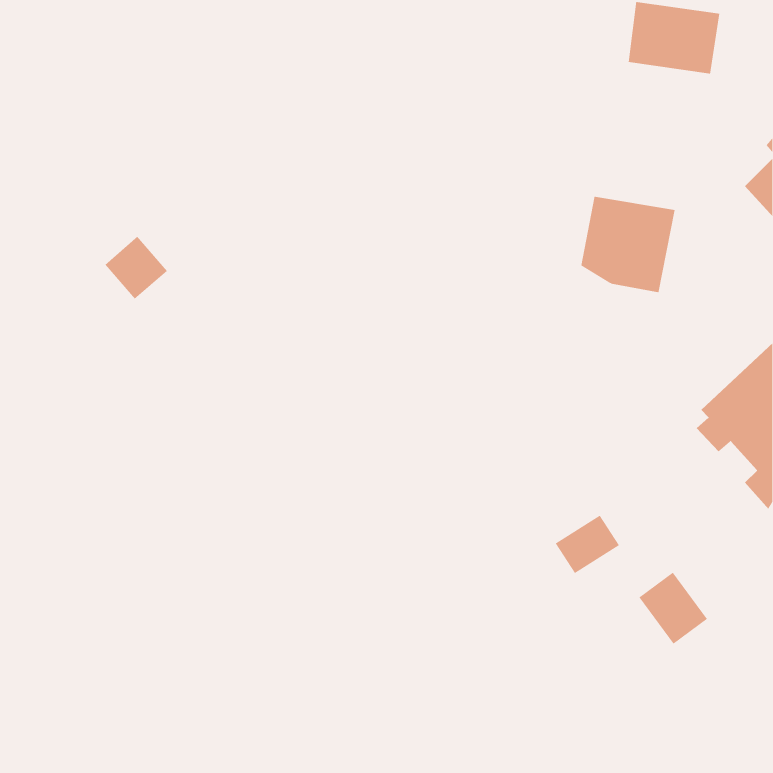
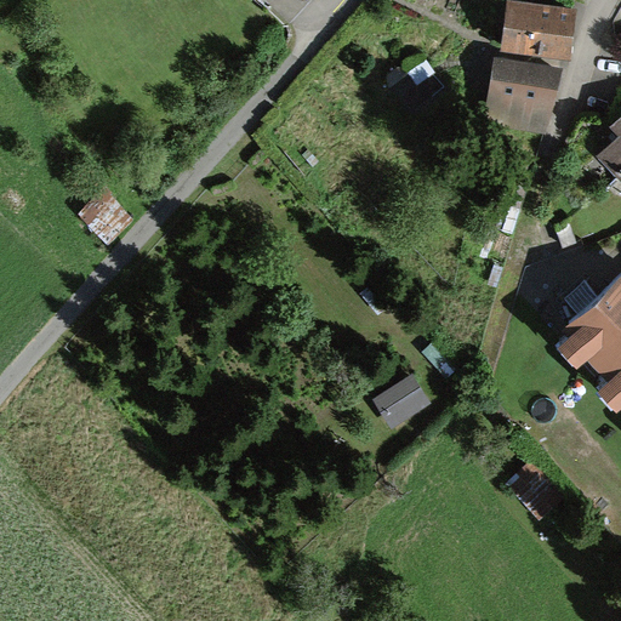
building: [580,196,676,293] -> [486,57,563,135]
building: [555,515,620,574] -> [369,375,421,422]

